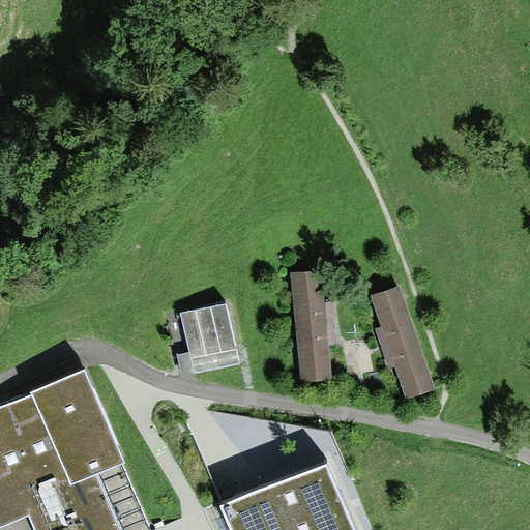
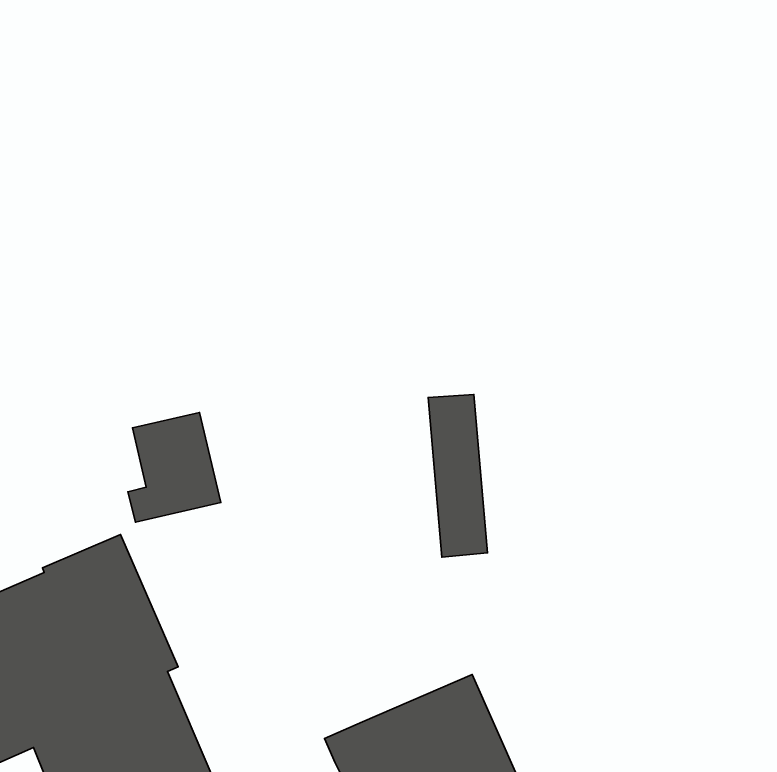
building: [371,288,434,399] -> none
building: [176,302,239,377] -> [128,413,221,522]

